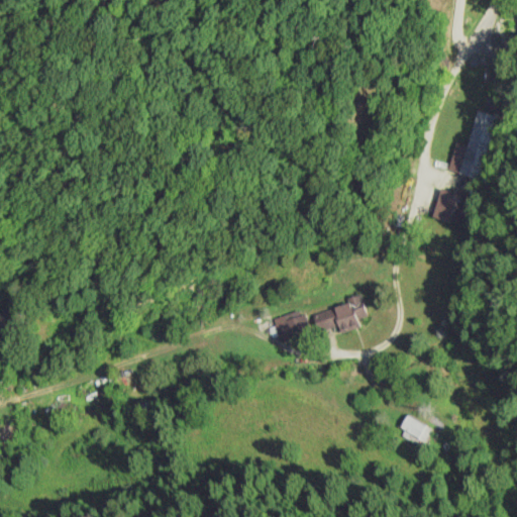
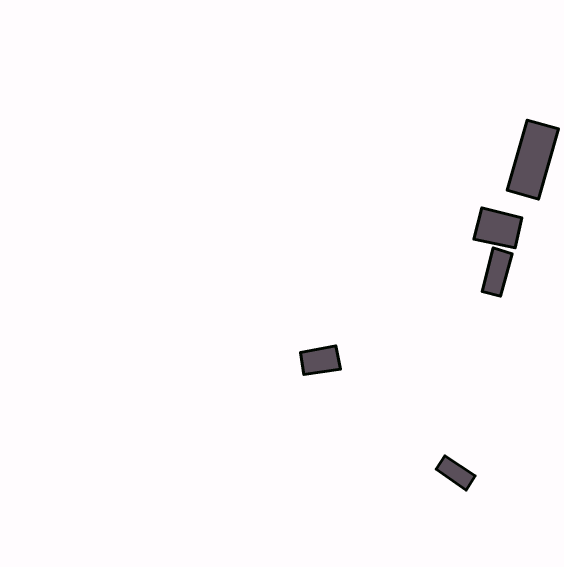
building: none -> [482,248,512,296]
building: [310,297,365,332] -> none

